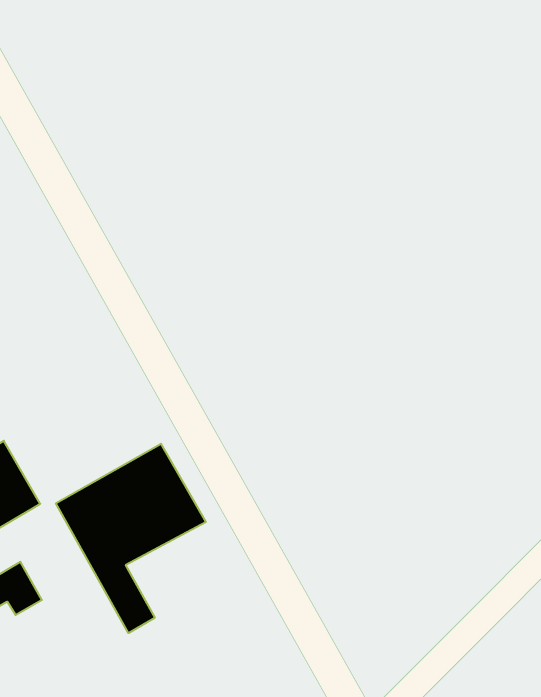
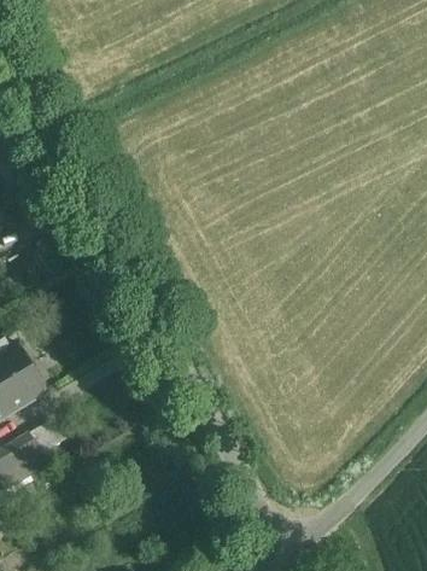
building: [56,444,206,633] -> none

